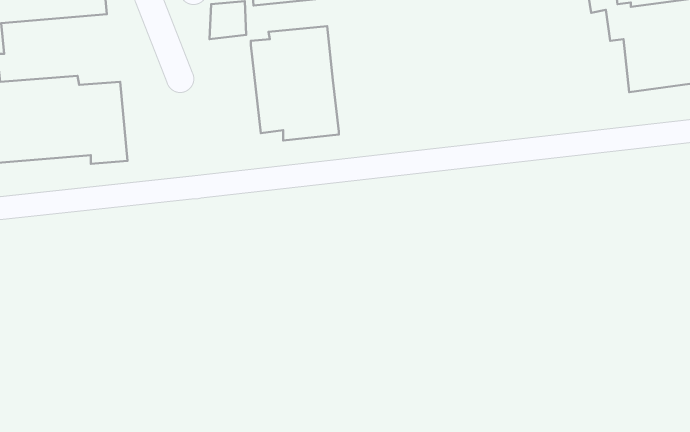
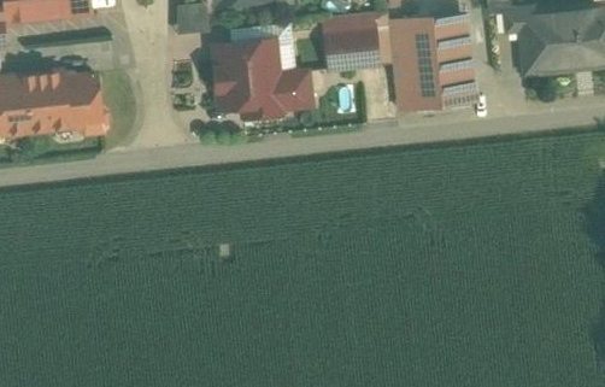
building: none -> [388,11,478,111]
building: none -> [322,13,381,70]
building: none -> [278,65,315,111]

